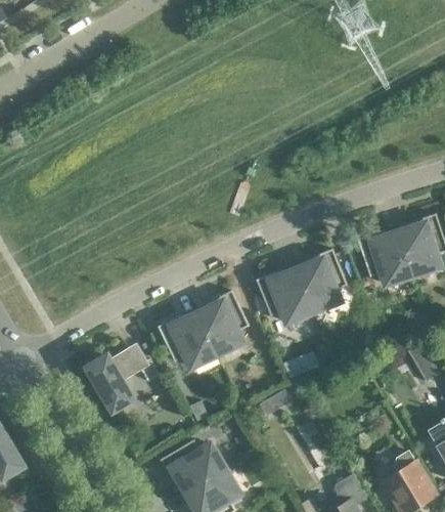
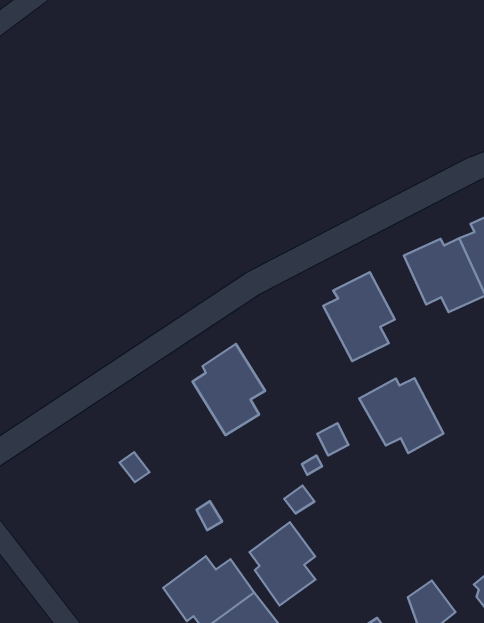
building: [256,268,313,323] -> [359,378,443,453]
building: [158,313,217,367] -> none
building: [90,350,138,410] -> none
building: none -> [250,522,315,606]

